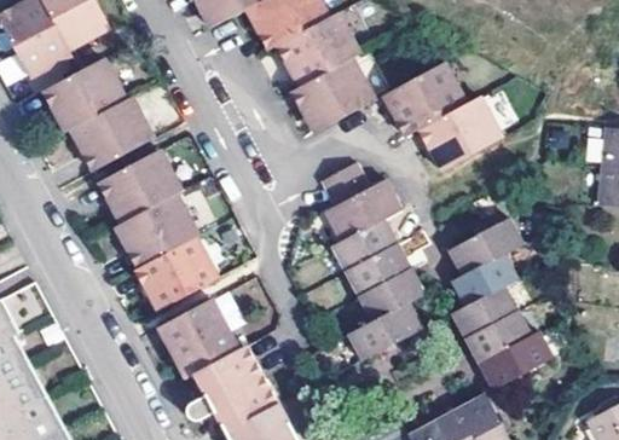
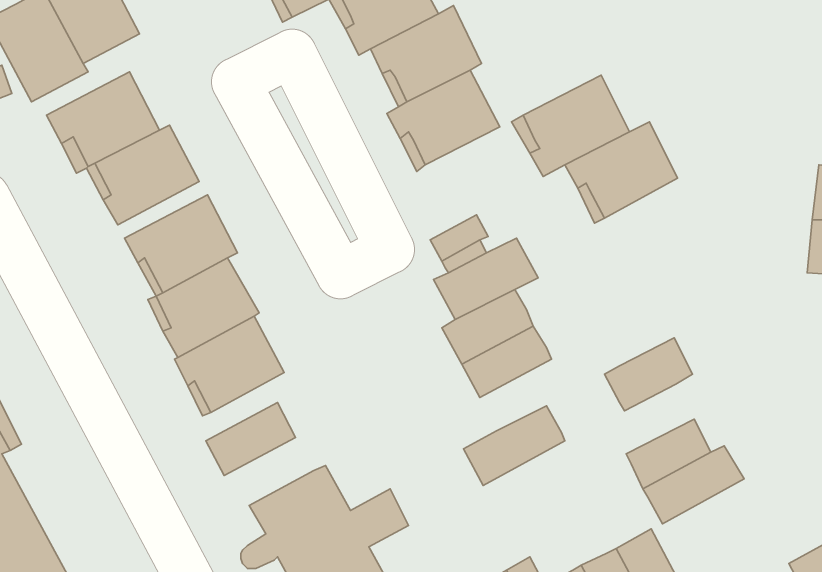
building: [447,218,520,273] -> none
building: [359,268,424,320] -> none
building: [452,286,515,337] -> none
building: [173,325,238,377] -> none

